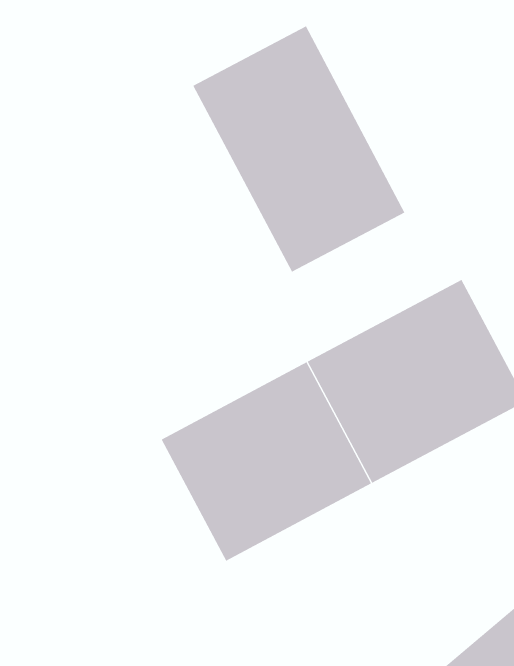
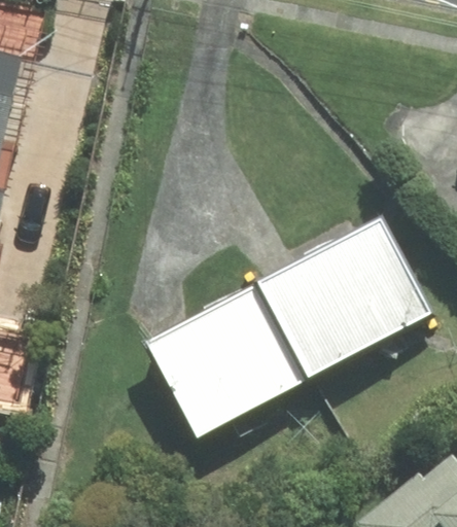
building: [193,26,405,272] -> none

